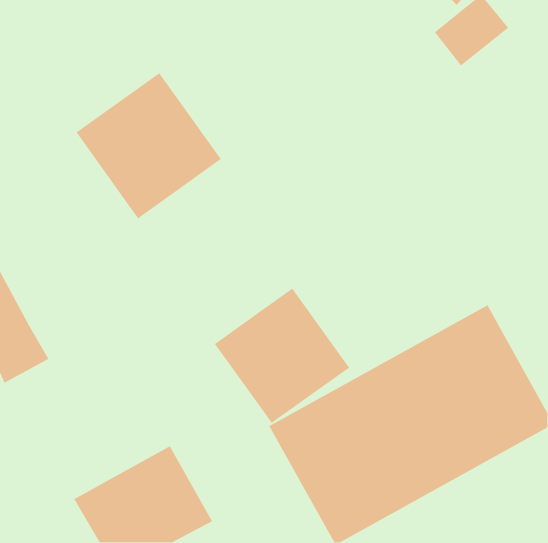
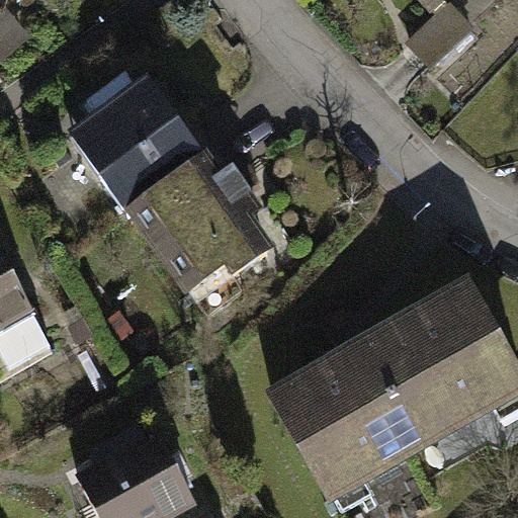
building: none -> [130,150,274,299]
building: [214,288,350,424] -> none

